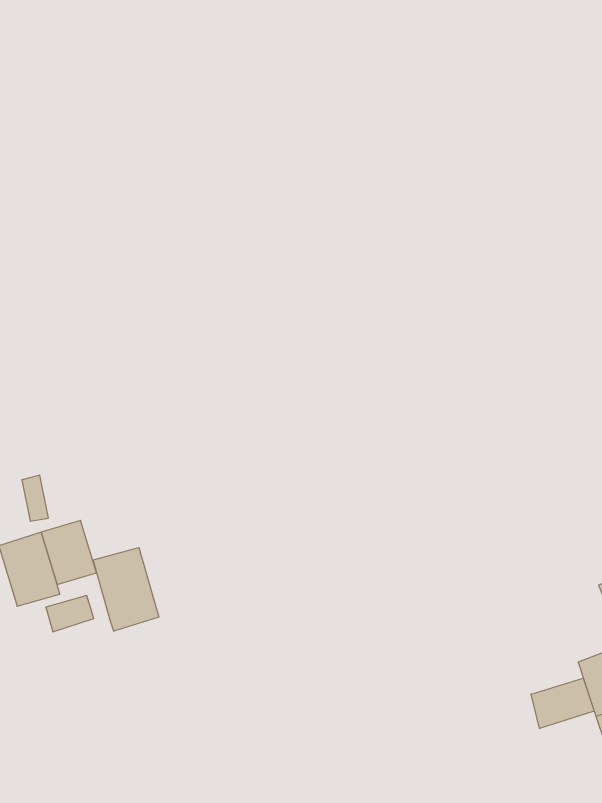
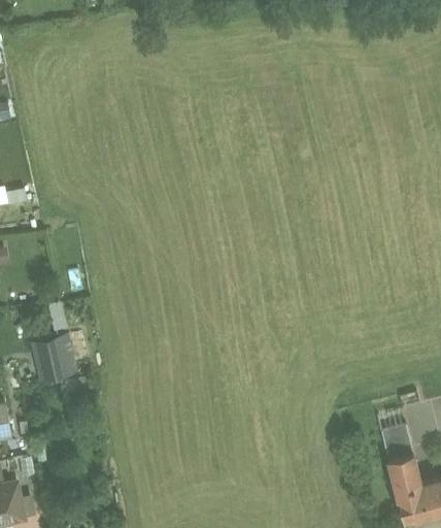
building: [93,548,159,631] -> none
building: [531,678,594,729] -> none

